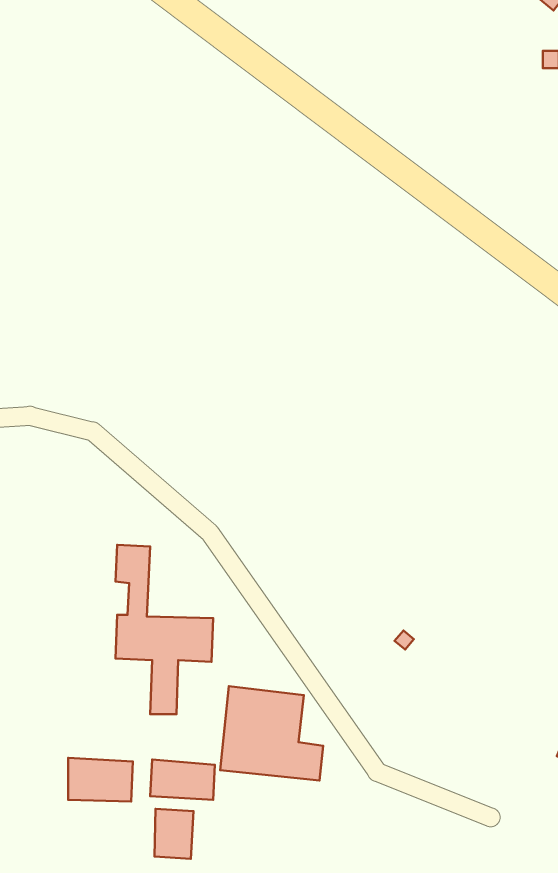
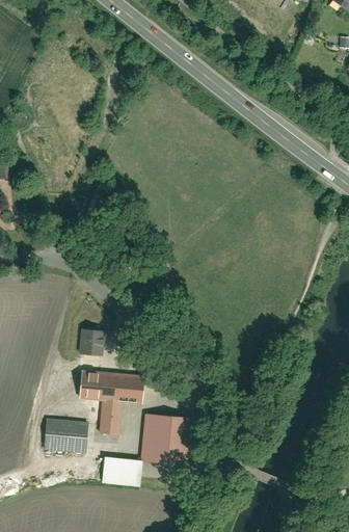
building: [68,758,133,802] -> [48,420,86,446]
building: [155,809,194,859] -> none

